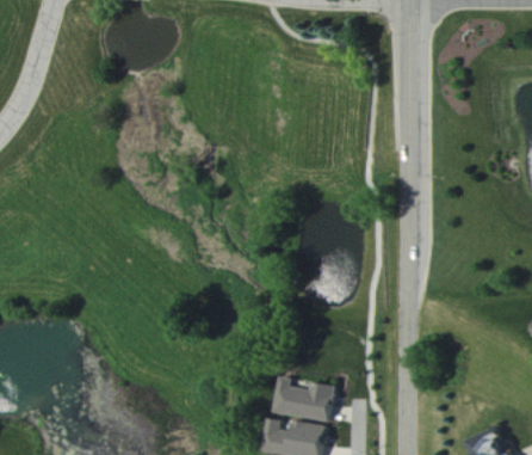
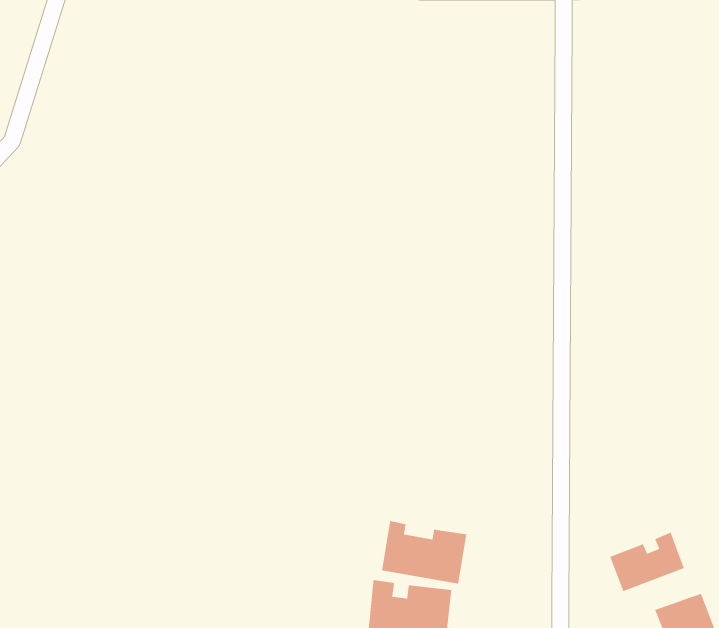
building: none -> [609,532,685,592]

